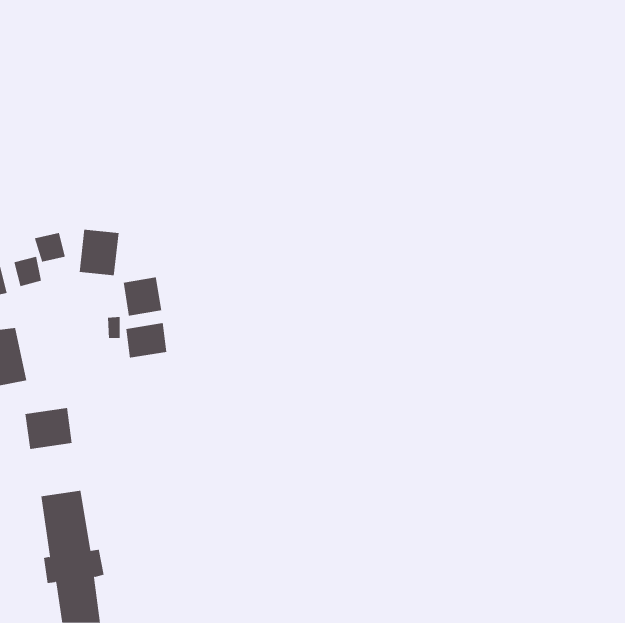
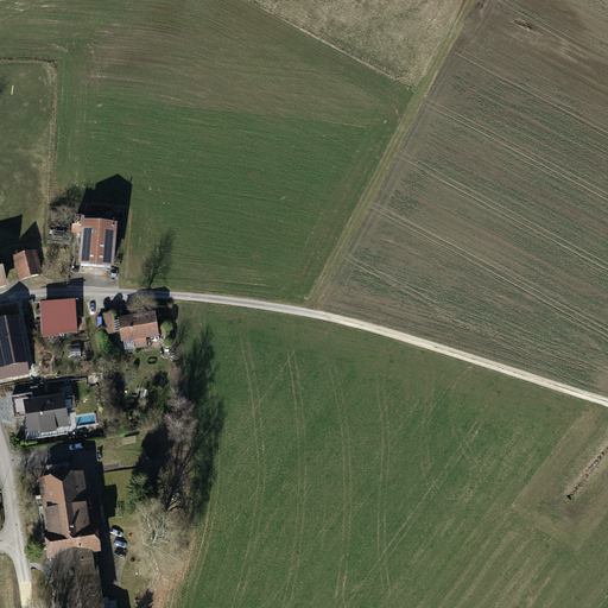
building: [34,232,65,263] -> none
building: [123,277,162,316] -> none
building: none -> [40,298,76,332]

